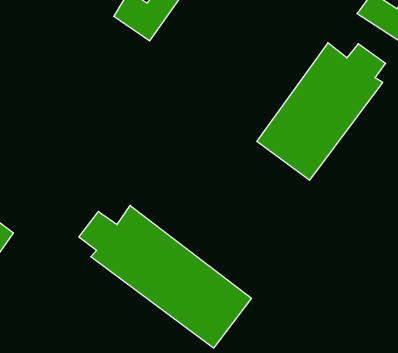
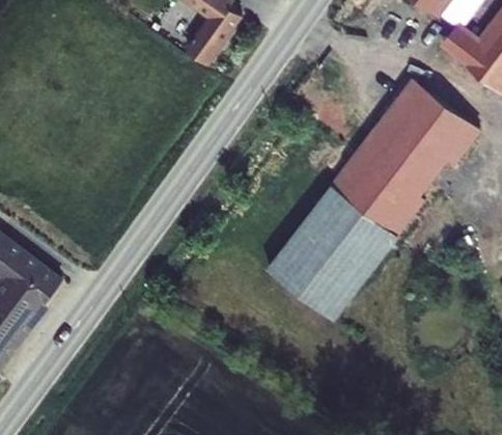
building: none -> [268,186,390,314]
building: [79,205,251,348] -> none

